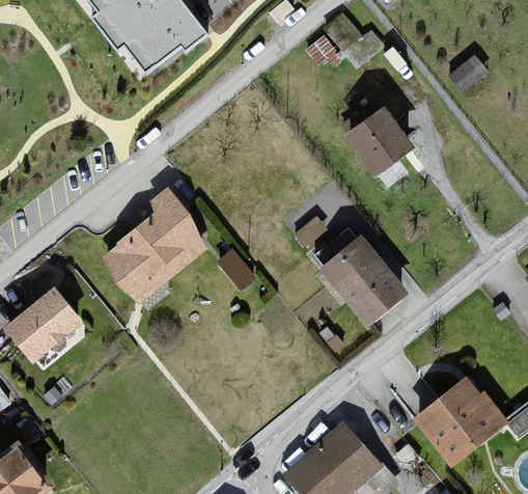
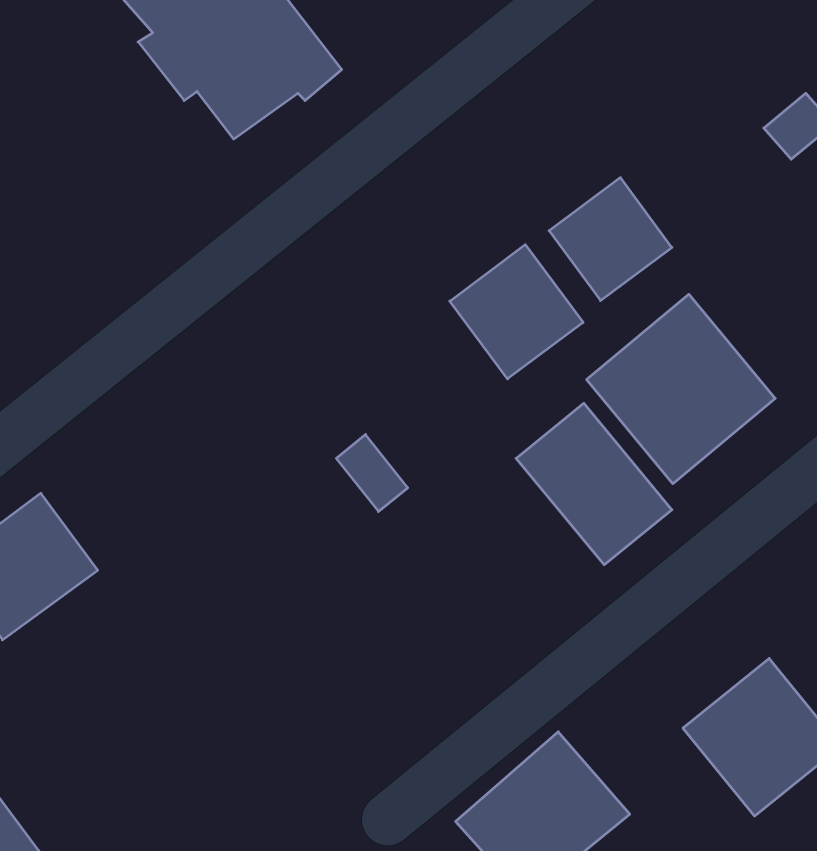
building: none -> [450,245,583,379]
building: none -> [587,294,775,484]
building: [98,198,209,306] -> none

